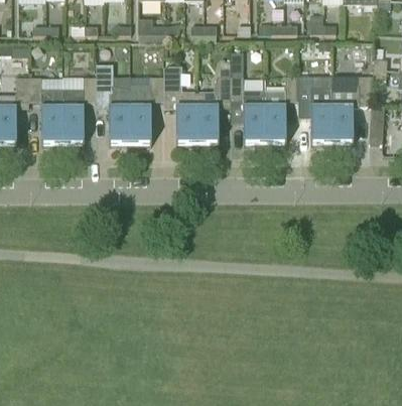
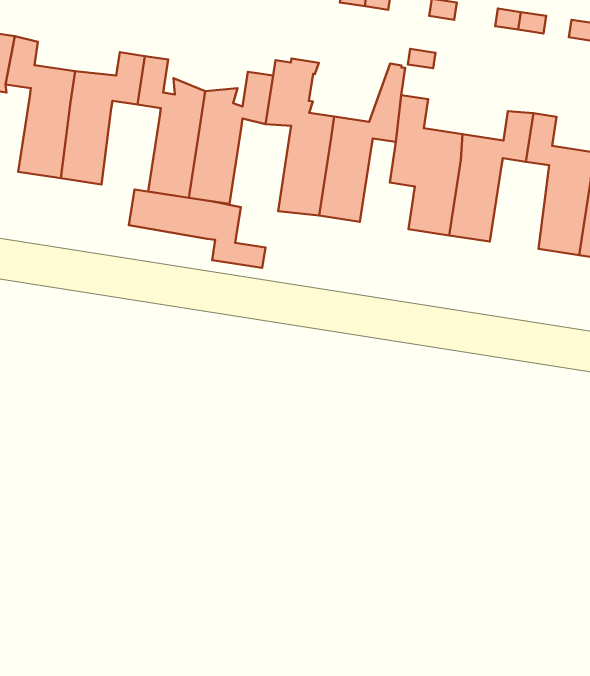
building: none -> [129,189,265,268]

